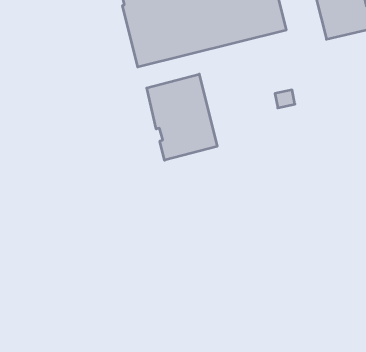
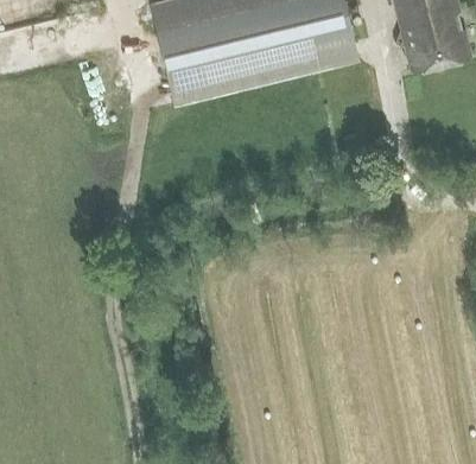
building: [147,74,217,160] -> none

